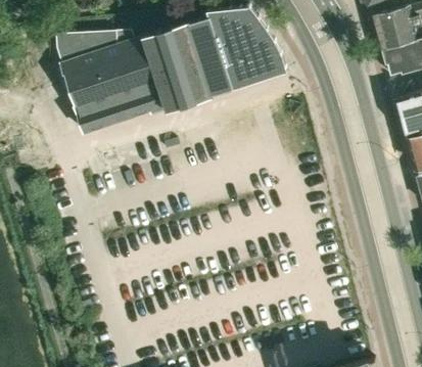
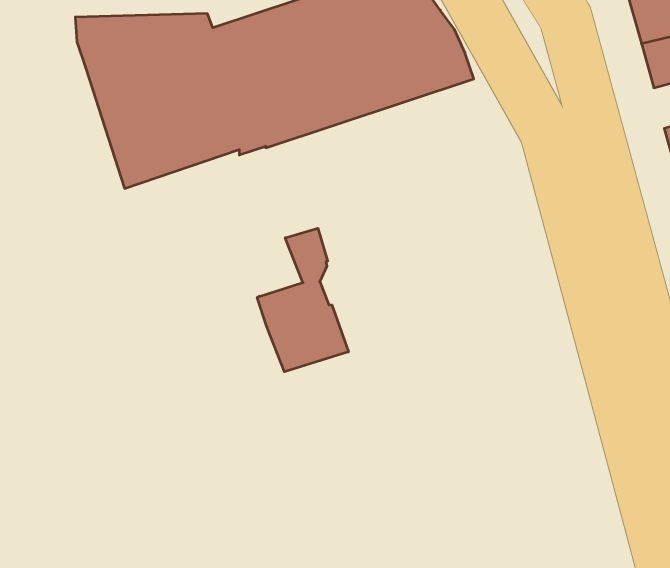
building: none -> [257,228,348,372]

